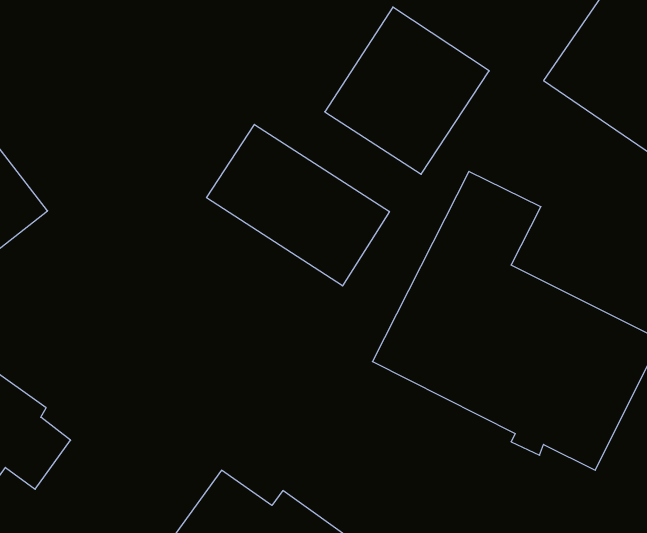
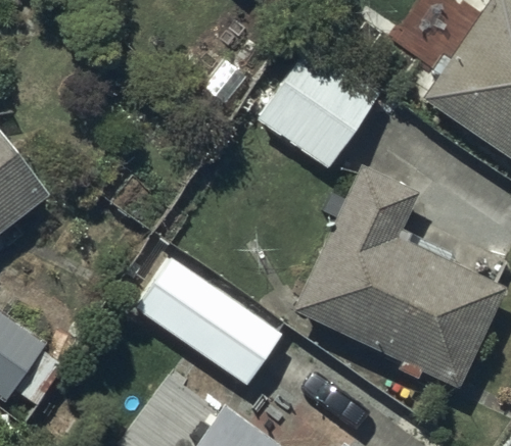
building: [207,124,389,286] -> none
building: none -> [136,258,281,385]

